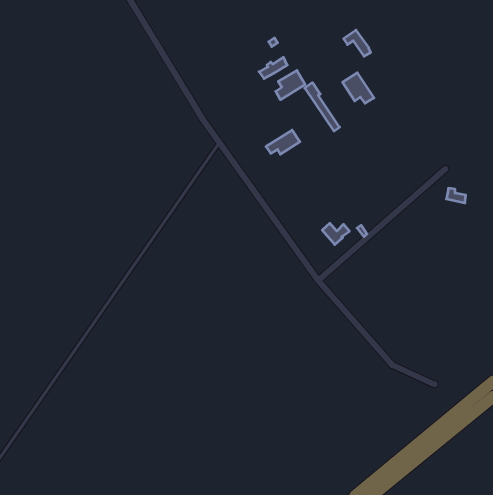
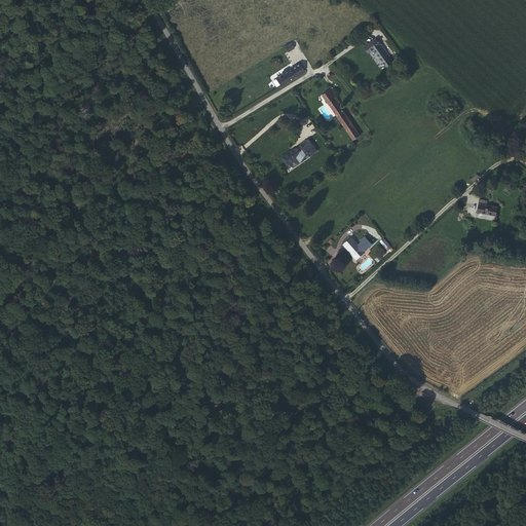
building: [276,70,305,100] -> none
building: [343,73,374,103] -> none

